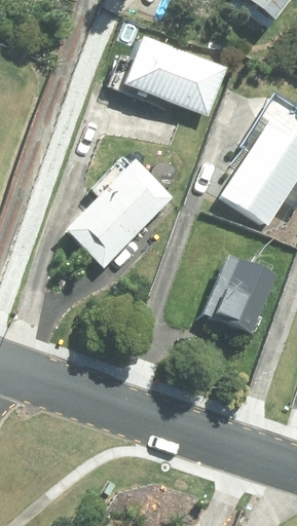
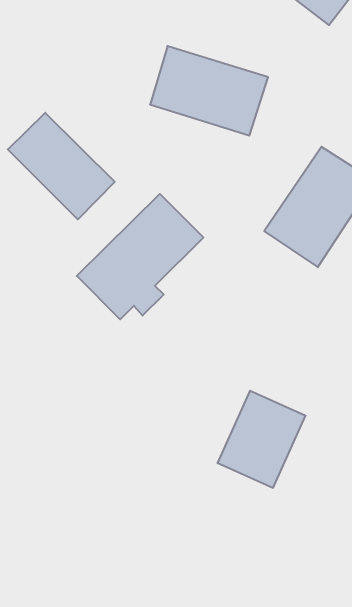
building: none -> [8,113,115,219]
building: [196,242,269,323] -> [217,391,306,488]

